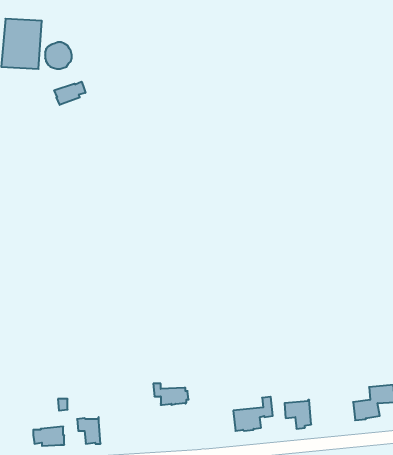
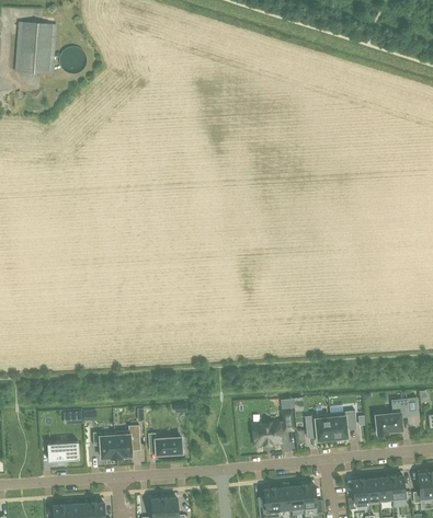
building: [54,82,85,105] -> none
building: [153,384,189,405] -> [148,433,184,454]
building: none -> [330,410,356,440]
building: none -> [114,425,140,458]

